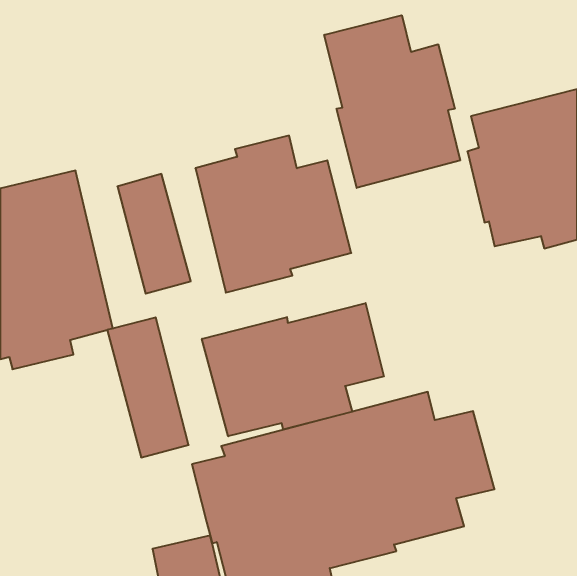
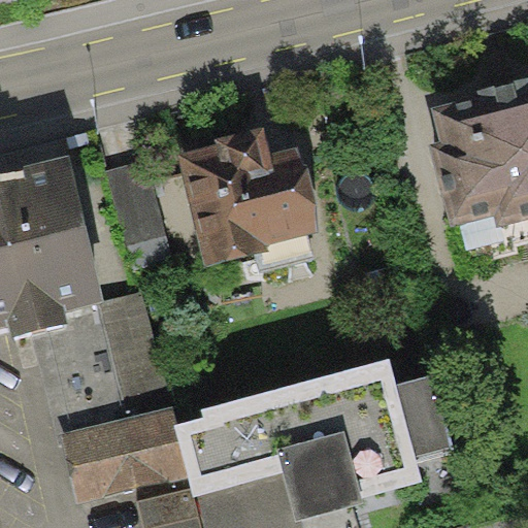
building: [324,15,460,188] -> none
building: [202,303,384,436] -> none
building: none -> [59,407,189,505]

